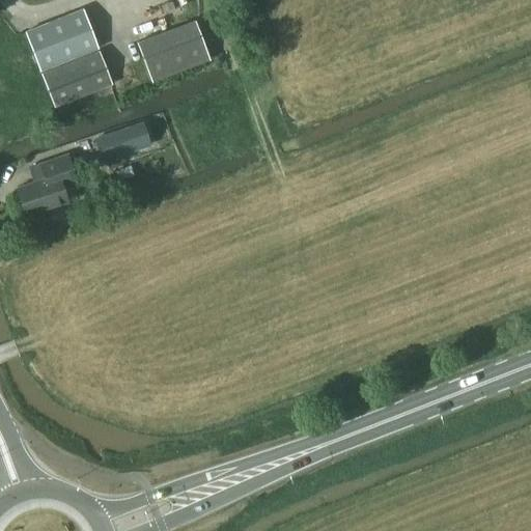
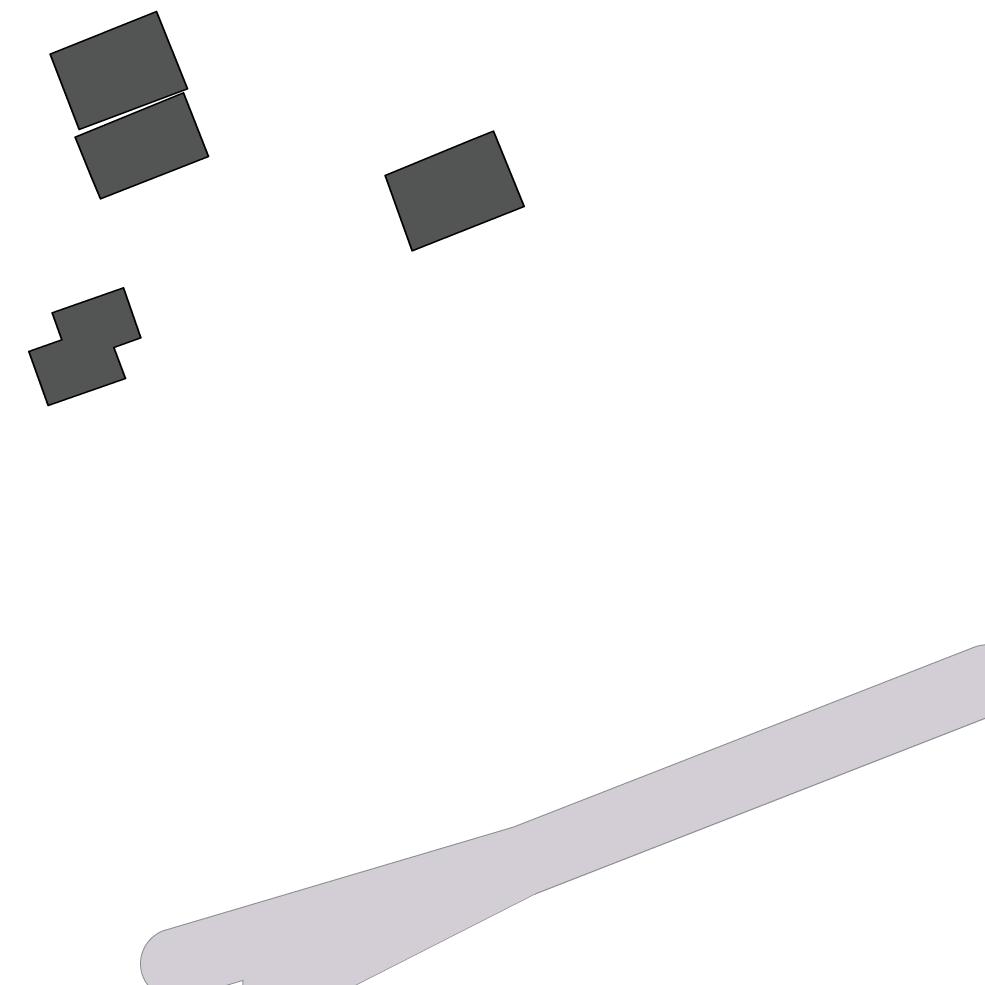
building: [138,19,213,83] -> [385,131,524,251]
building: [94,120,151,162] -> none

